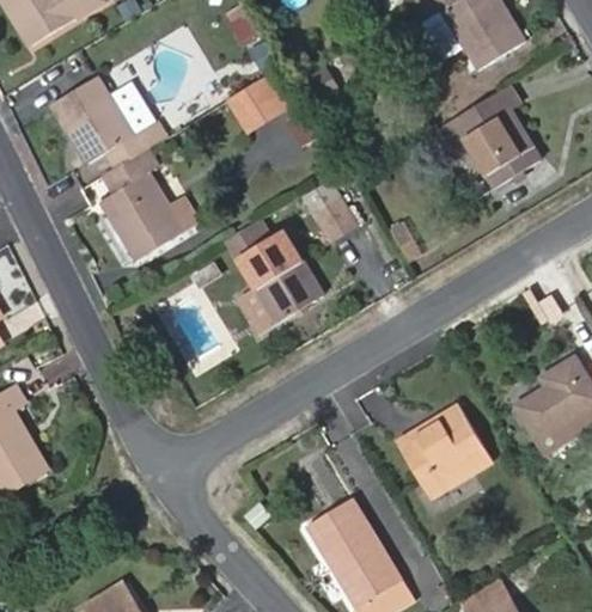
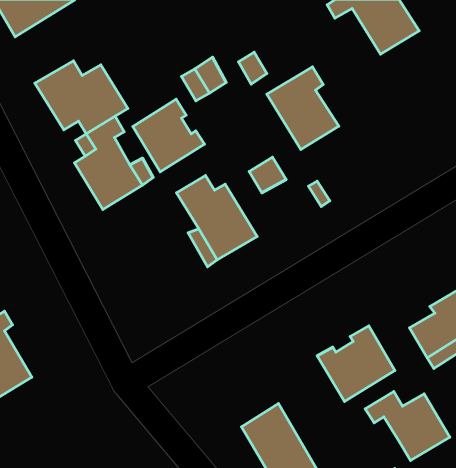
building: [452,84,541,185] -> [267,67,339,149]
building: none -> [133,99,205,172]
building: none -> [365,392,450,461]

